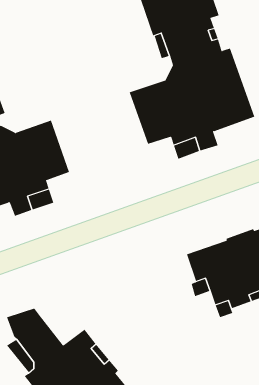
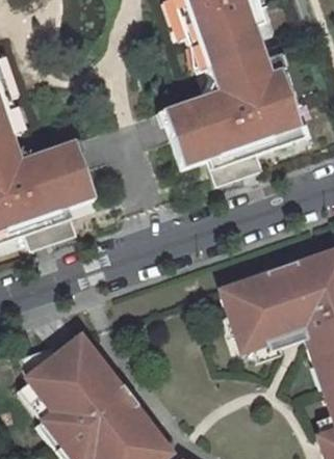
building: none -> [59,339,110,390]

